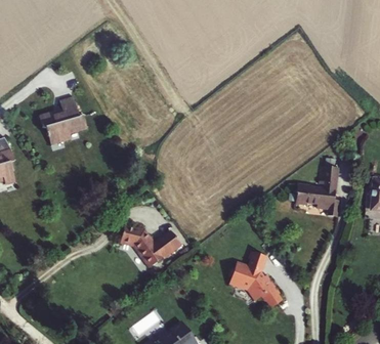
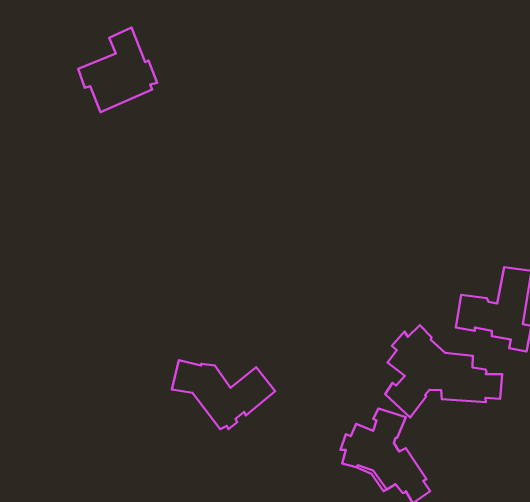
building: [35,94,82,144] -> [78,28,157,112]
building: none -> [385,325,502,417]

